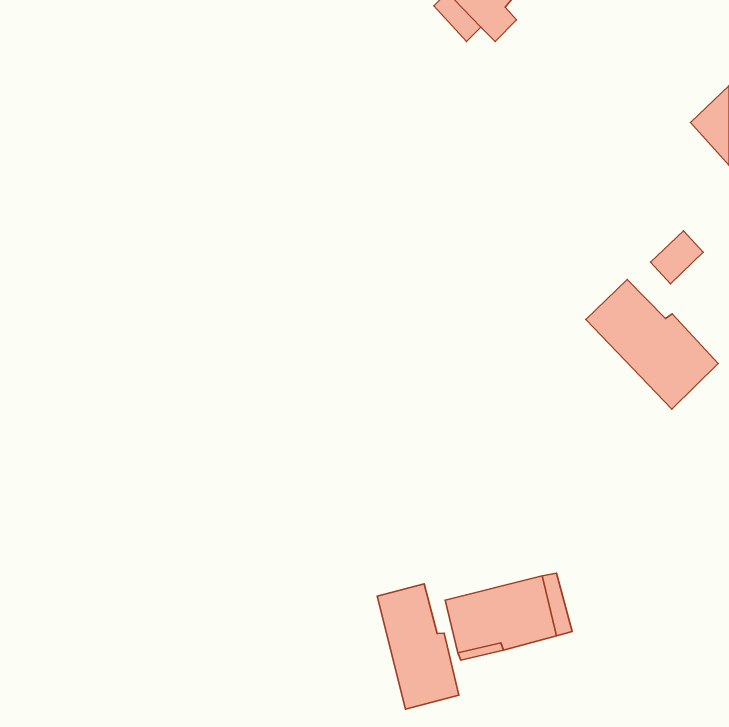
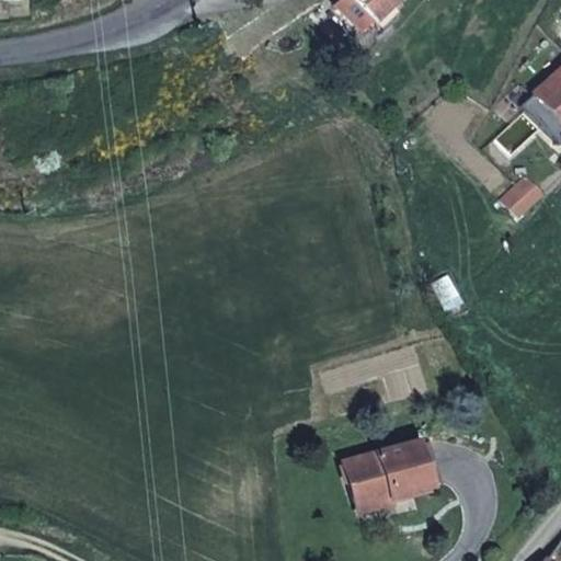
building: [586,280,718,409] -> none
building: [377,584,459,709] -> none

